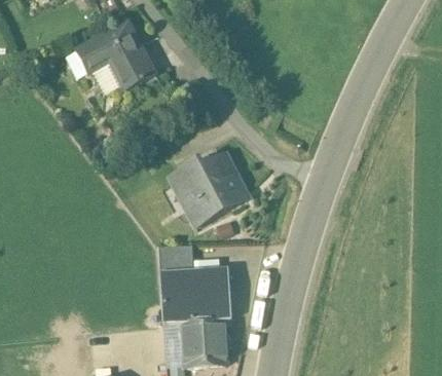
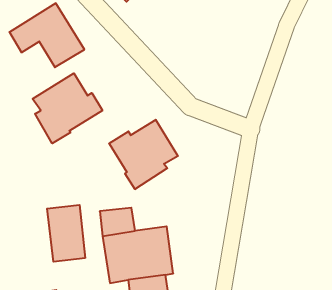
building: none -> [33,73,102,143]
building: none -> [47,205,85,262]

